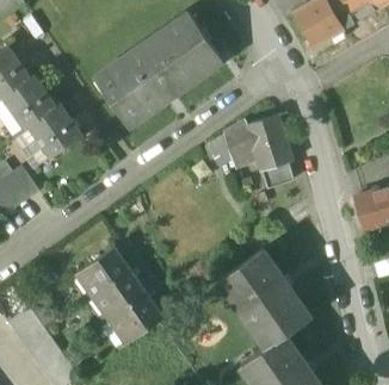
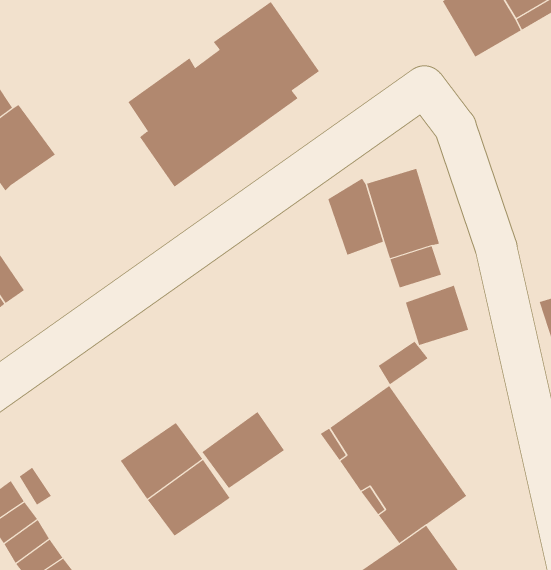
building: [29,104,82,157] -> none
building: none -> [405,285,469,346]
building: [79,247,130,294] -> [201,411,285,489]

